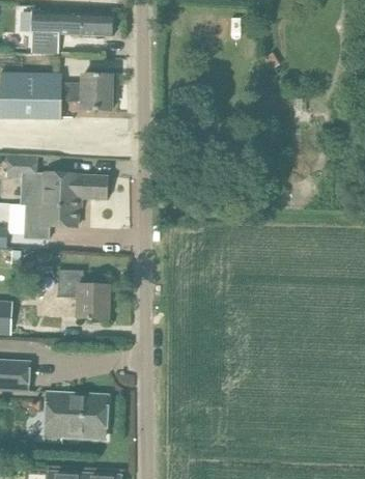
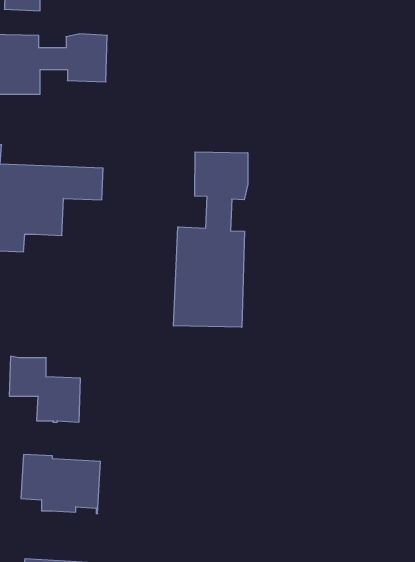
building: none -> [174,152,248,327]
building: [56,269,110,318] -> [9,356,80,422]

